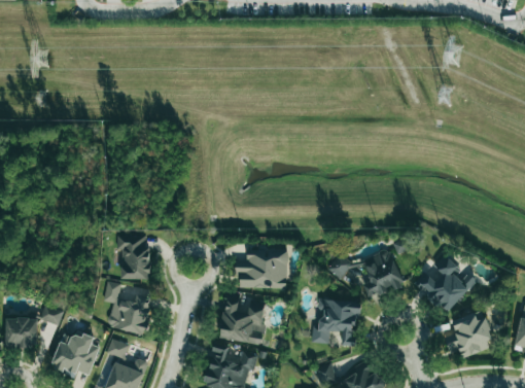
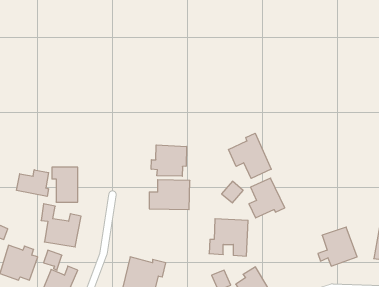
building: none -> [229,133,271,178]
building: none -> [151,145,187,176]
building: none -> [17,170,49,196]
building: [416,254,477,313] -> none
building: [219,294,268,346] -> none

